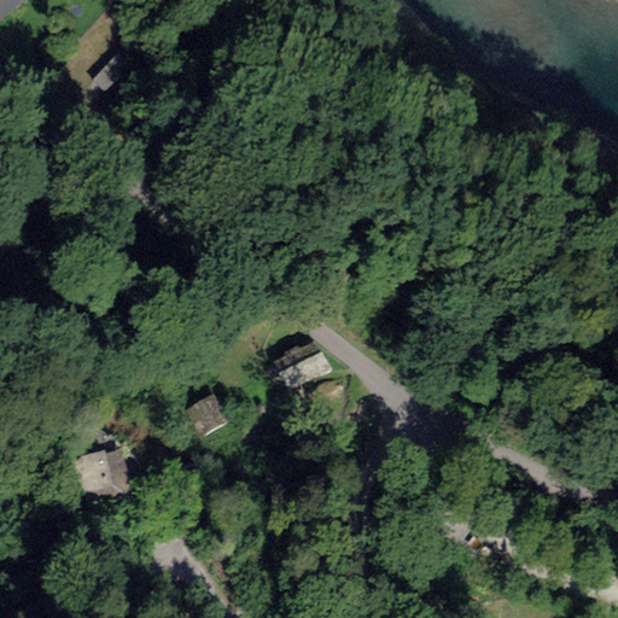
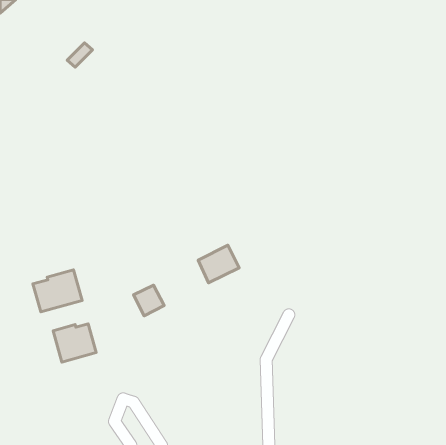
building: none -> [33,270,82,312]

